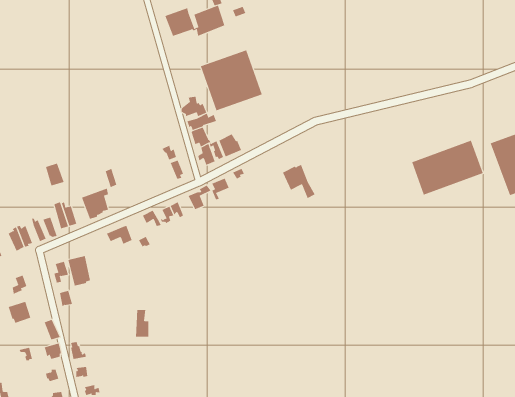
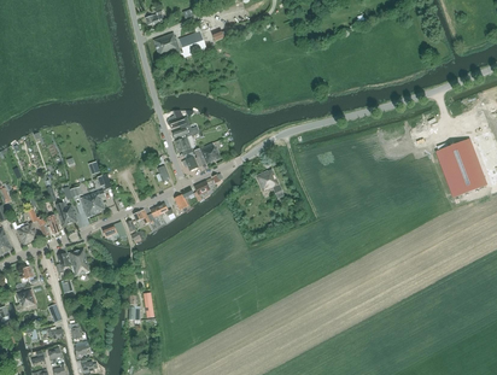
building: [200,49,262,111] -> none
building: [411,140,483,195] -> none

